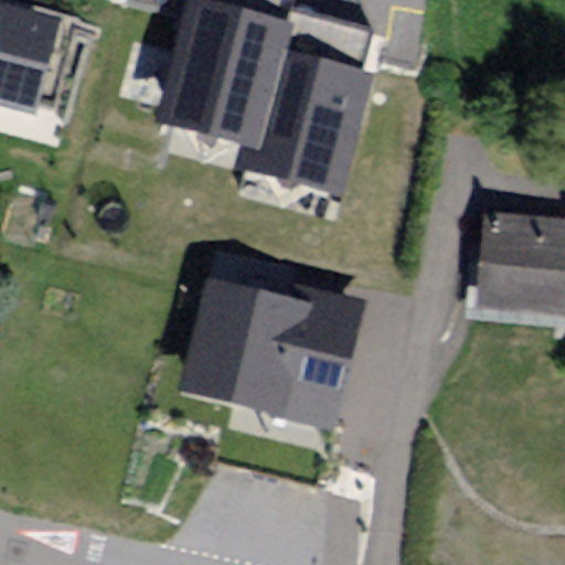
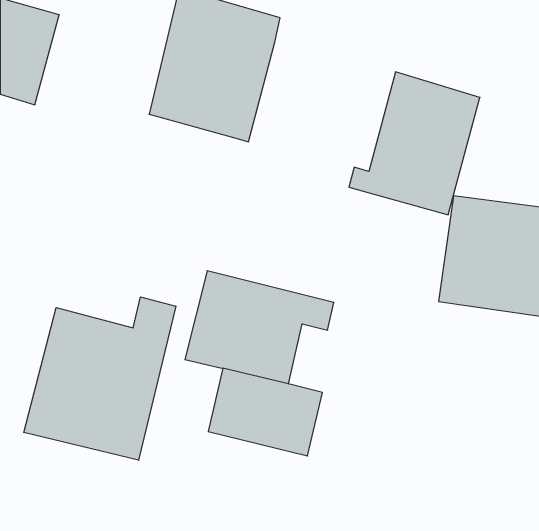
building: [239,44,376,193] -> [349,72,480,215]
building: none -> [24,297,176,460]

